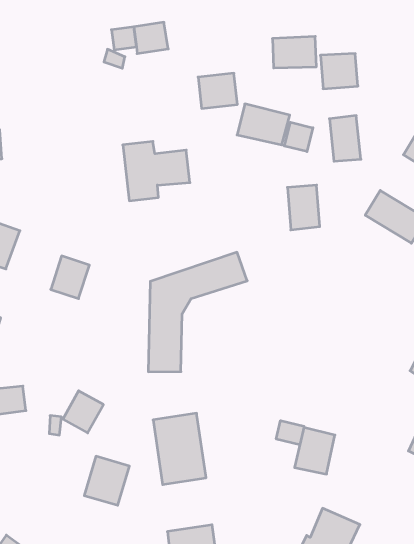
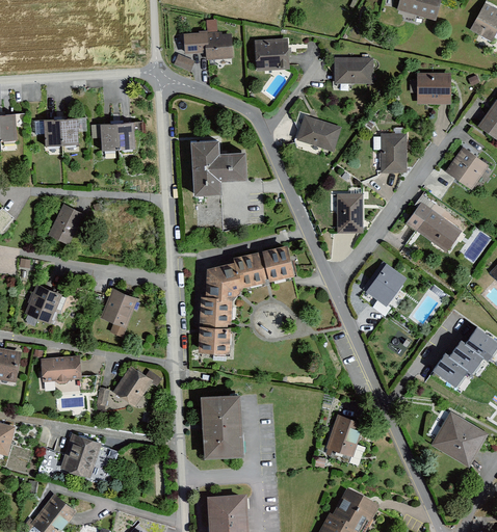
building: [320,54,358,89] -> [417,72,449,103]
building: [198,73,237,108] -> [254,39,288,70]
building: [284,122,313,152] -> none
building: none -> [98,122,132,153]
building: [51,256,89,299] -> [100,289,137,329]
building: none -> [365,264,408,308]
building: [276,421,304,445] -> none
building: [84,456,129,505] -> [58,433,102,480]

